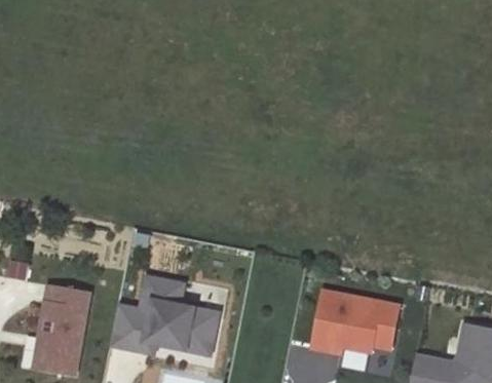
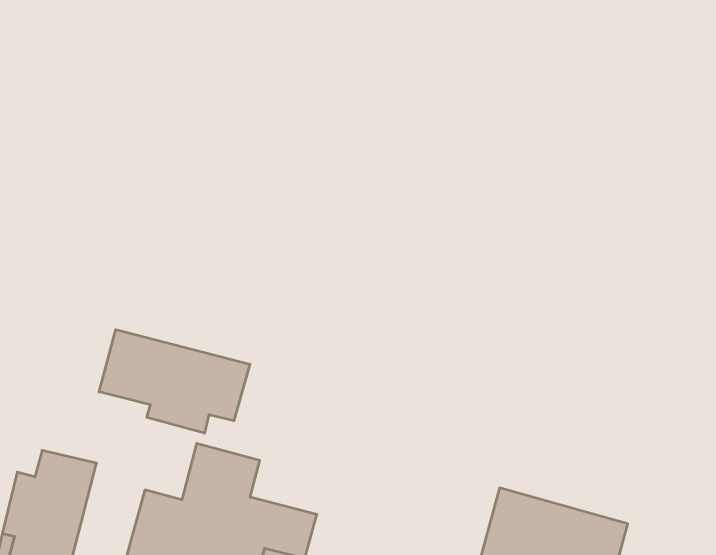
building: none -> [99,330,250,433]

